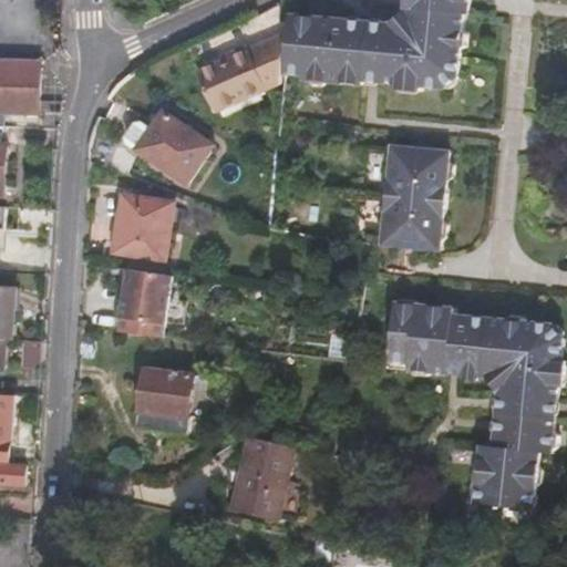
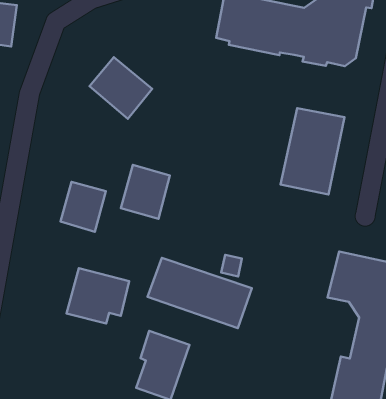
building: [196,31,286,112] -> none
building: [115,197,171,259] -> [121,165,170,219]
building: [386,301,462,372] -> none
building: none -> [147,258,252,328]

